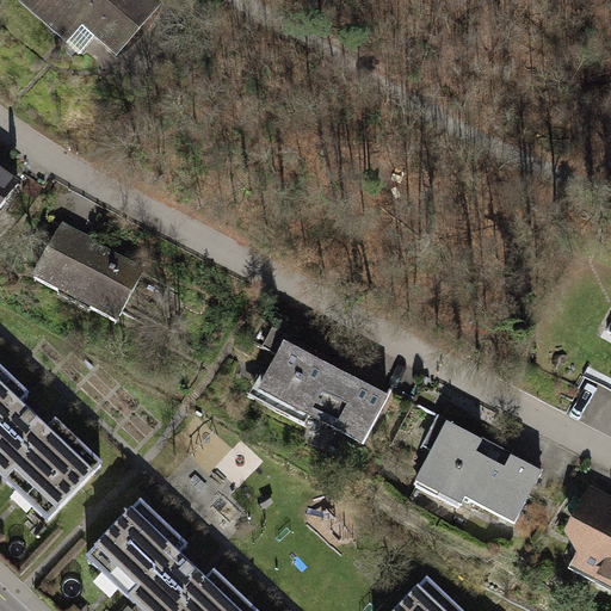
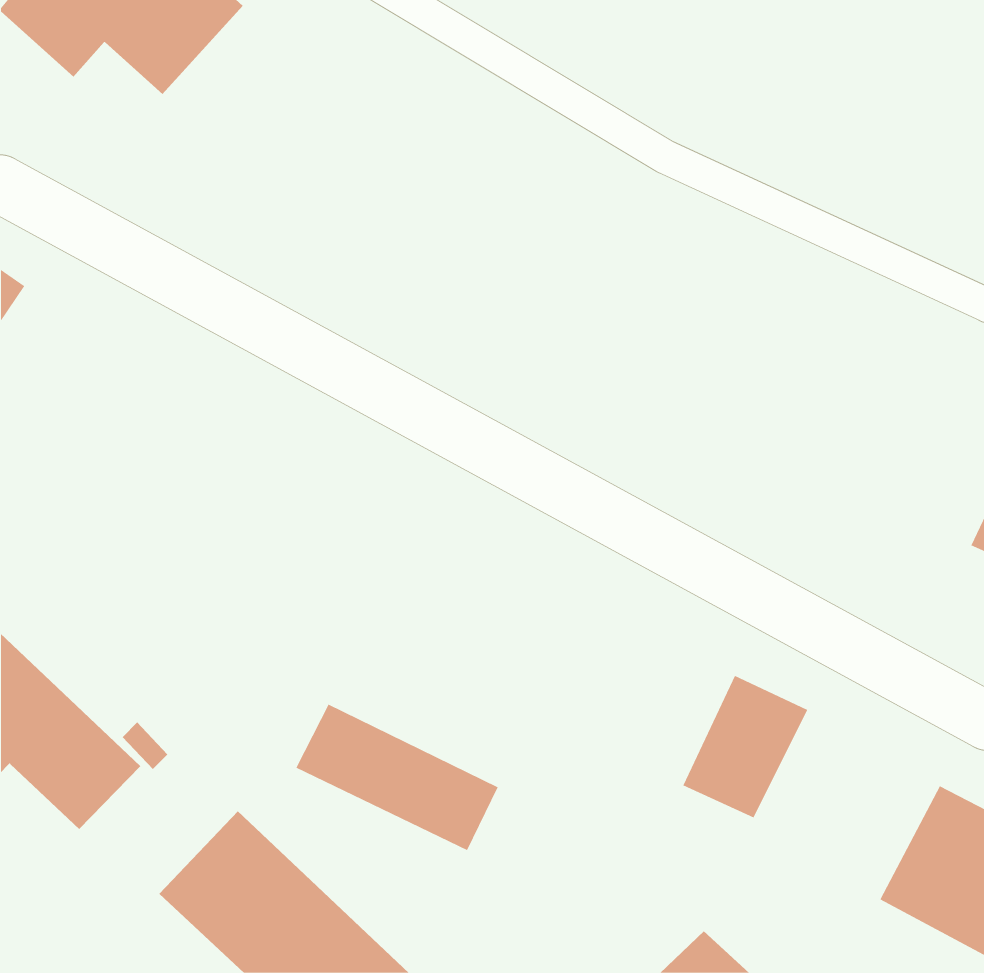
building: [25,226,140,321] -> none
building: [257,348,382,439] -> [295,704,498,851]
building: [468,438,548,527] -> none

